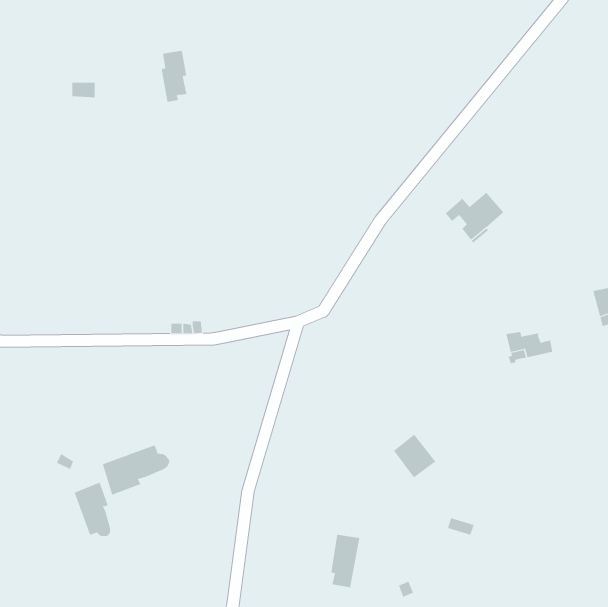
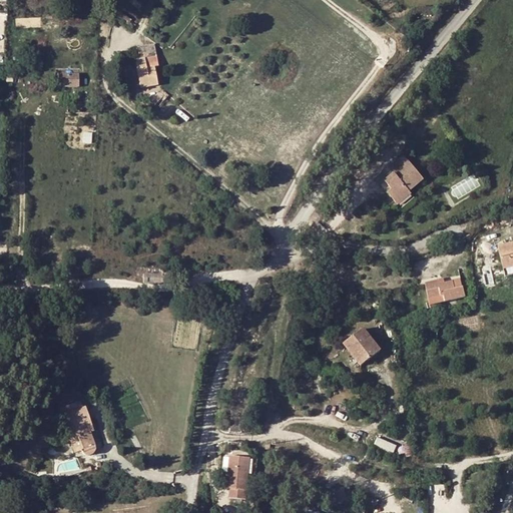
building: [393,434,436,478] -> [345,326,381,363]
building: [102,445,170,495] -> none
building: [330,534,360,588] -> [227,455,252,500]

